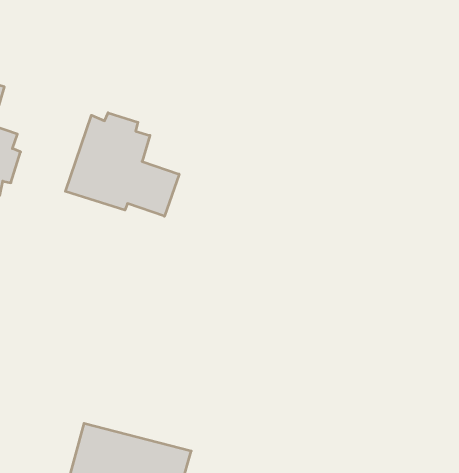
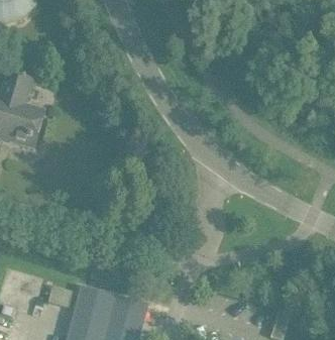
building: [65,113,179,216] -> none

